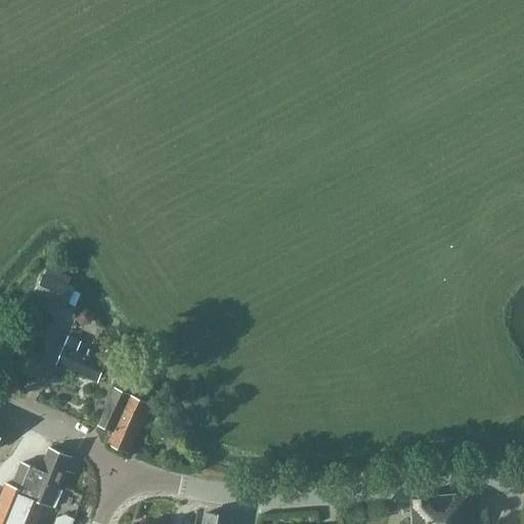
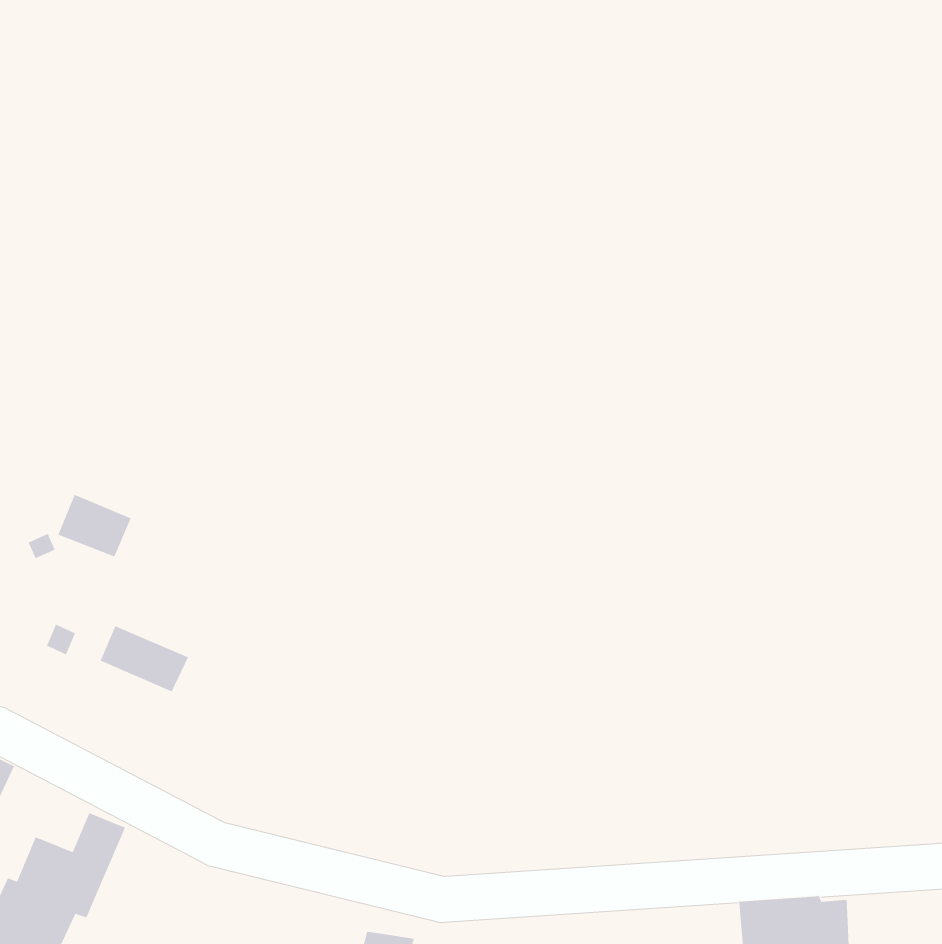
building: [95,383,149,454] -> none

